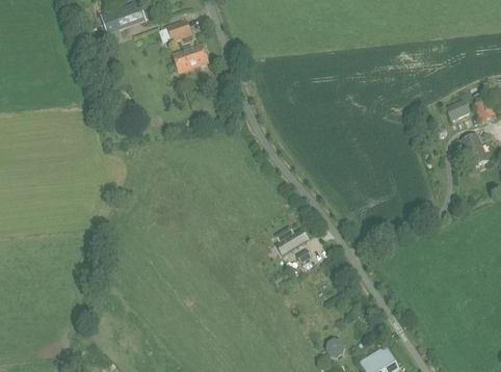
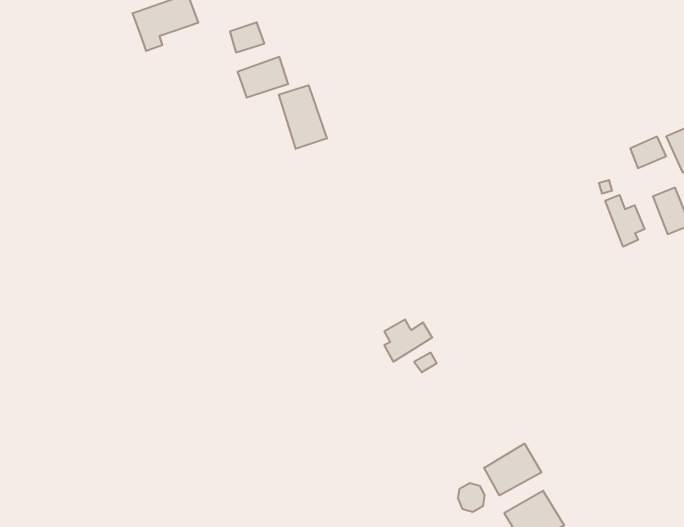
building: none -> [279,85,327,149]
building: none -> [605,195,645,247]
building: none -> [484,444,541,495]

